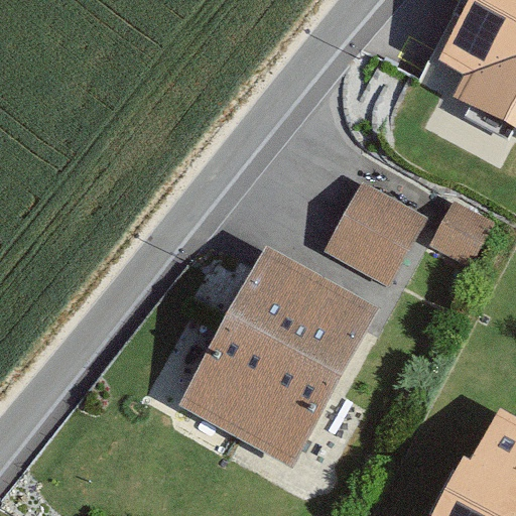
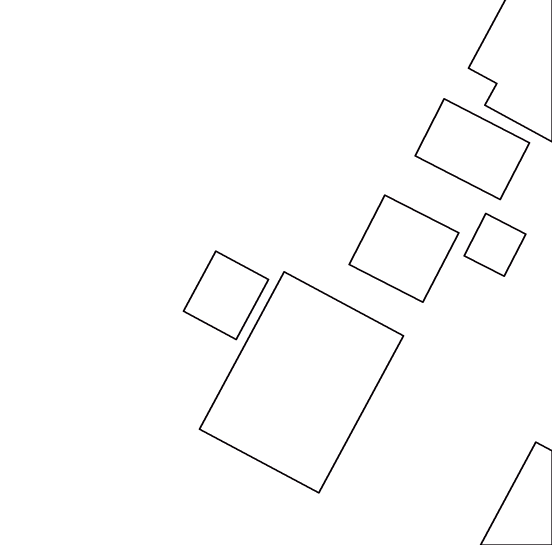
building: none -> [415,99,529,200]
building: none -> [184,251,269,339]

